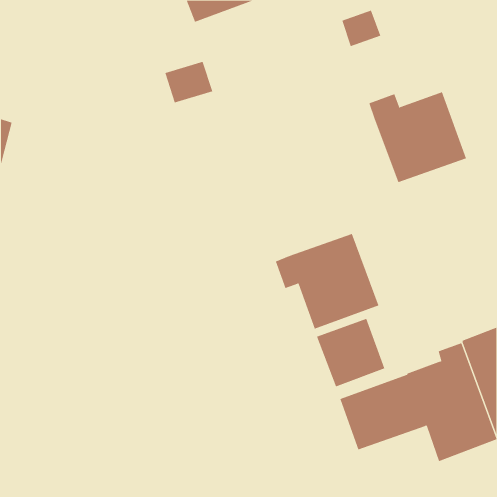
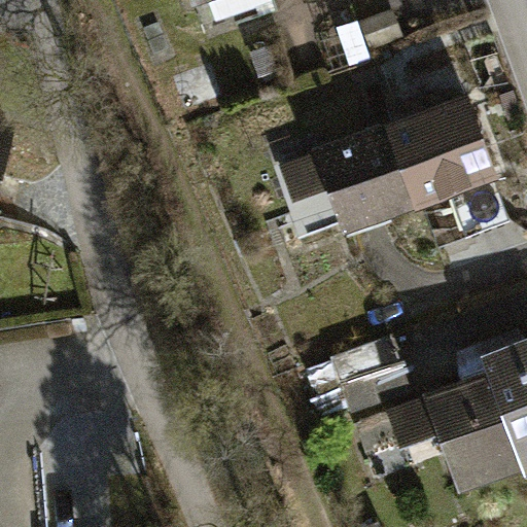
building: none -> [285,125,421,221]
building: [275,233,379,329] -> none

